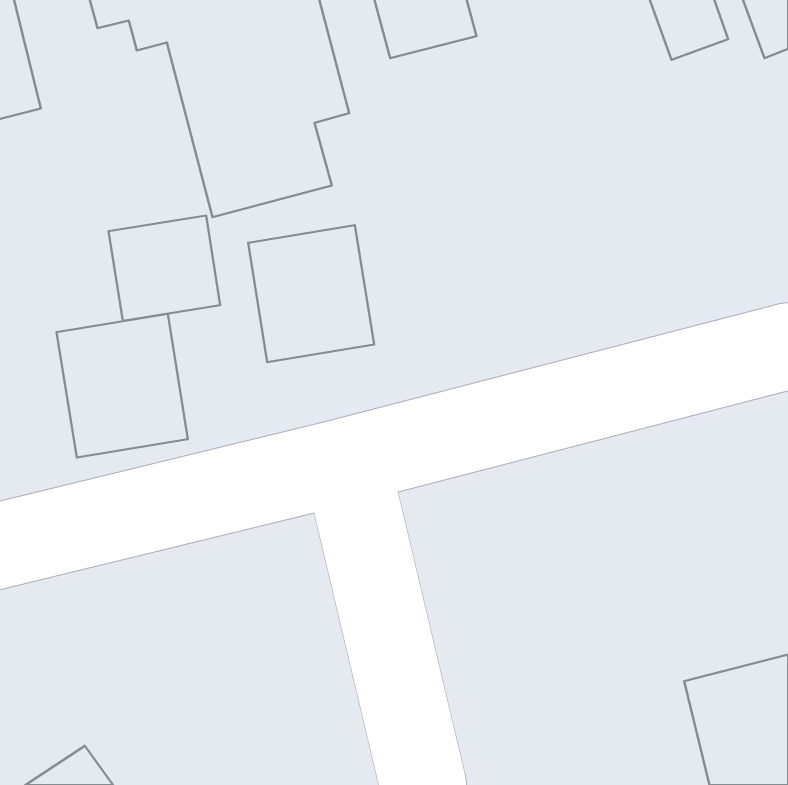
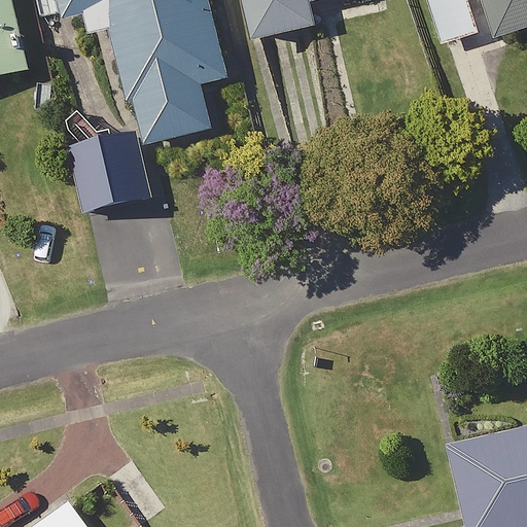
building: [248,225,374,362] -> none
building: [57,314,188,458] -> none

